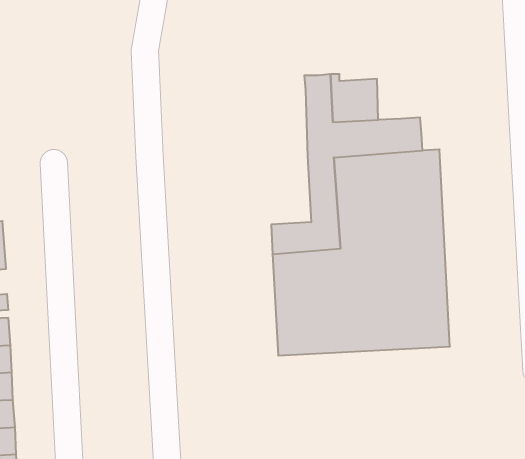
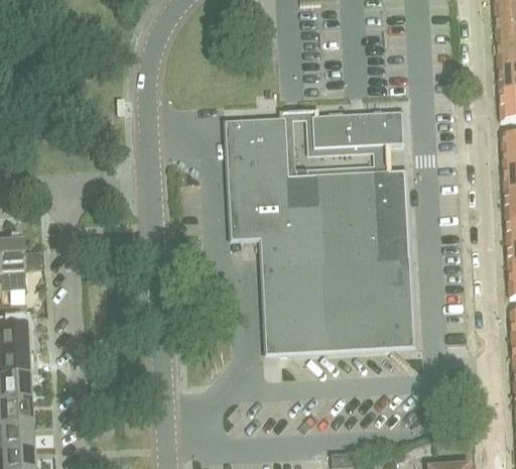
building: none -> [225,110,295,243]
building: none -> [354,110,407,149]

